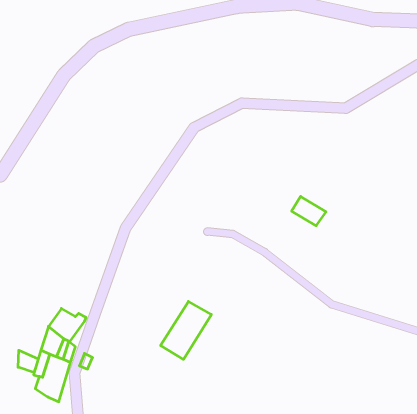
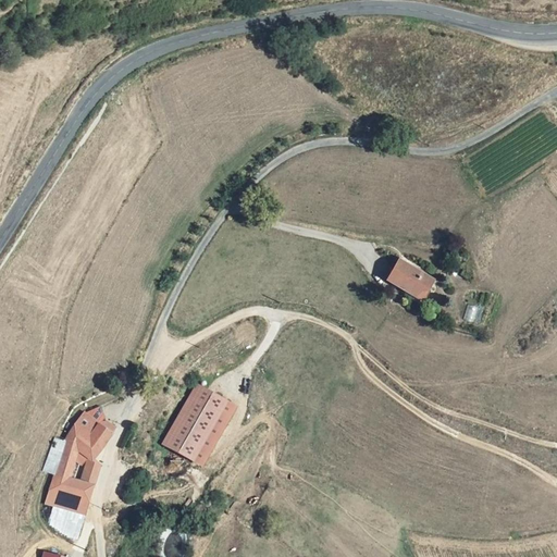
building: [161,301,211,359] -> [163,383,231,460]
building: [18,350,38,372] -> none

